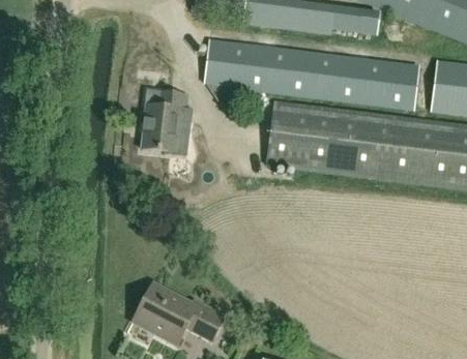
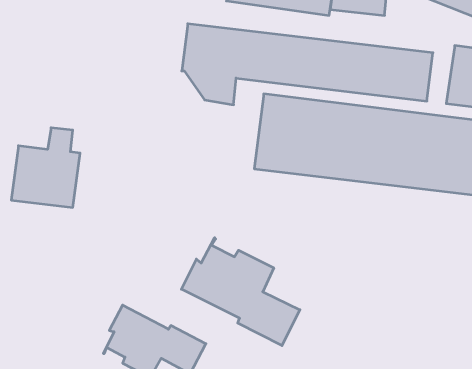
building: [139,88,198,156] -> [11,128,80,207]
building: none -> [181,238,300,346]

